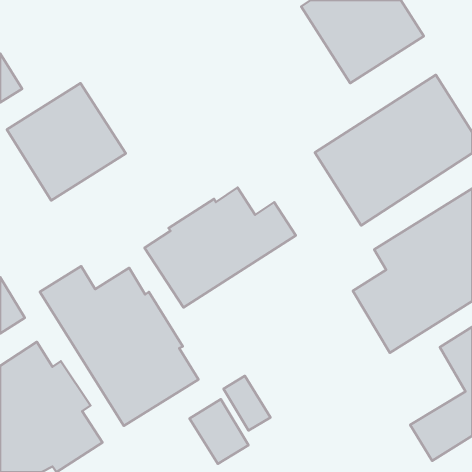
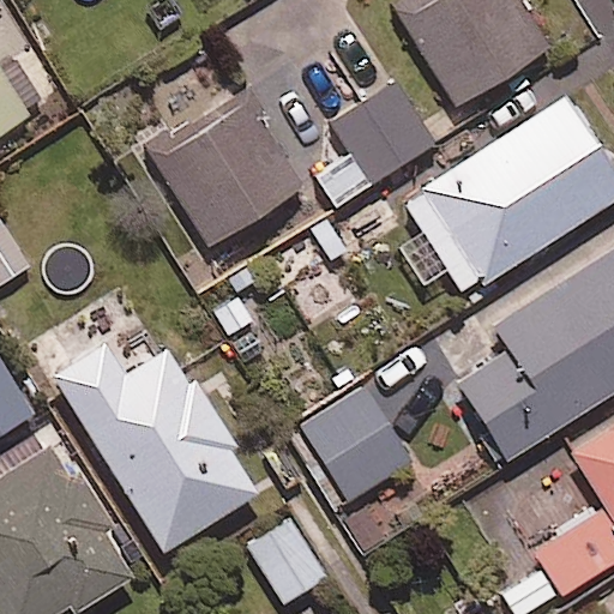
building: none -> [332,82,434,182]
building: [7,83,126,201] -> [151,95,306,247]
building: [144,187,296,307] -> none
building: none -> [299,385,410,501]

